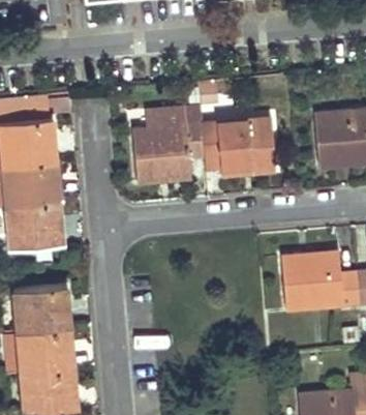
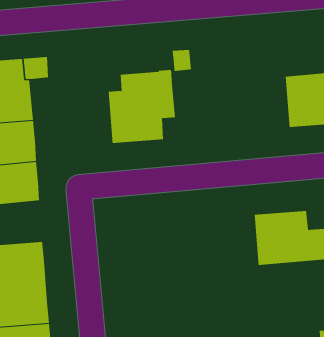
building: [200,117,275,176] -> none

